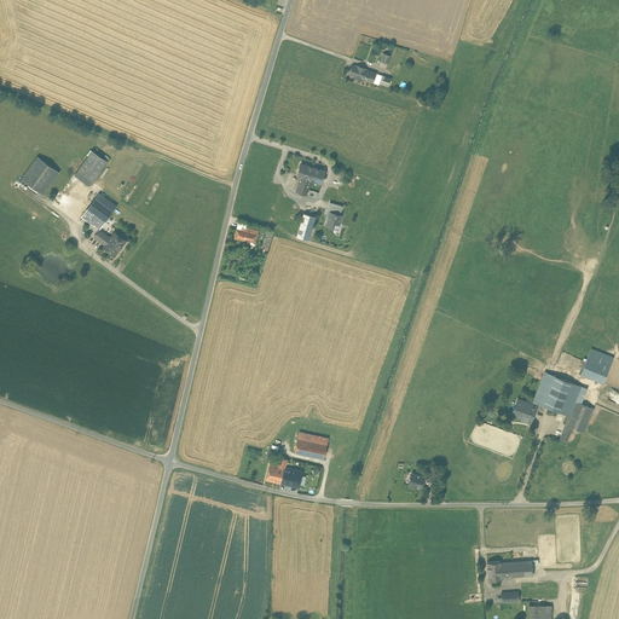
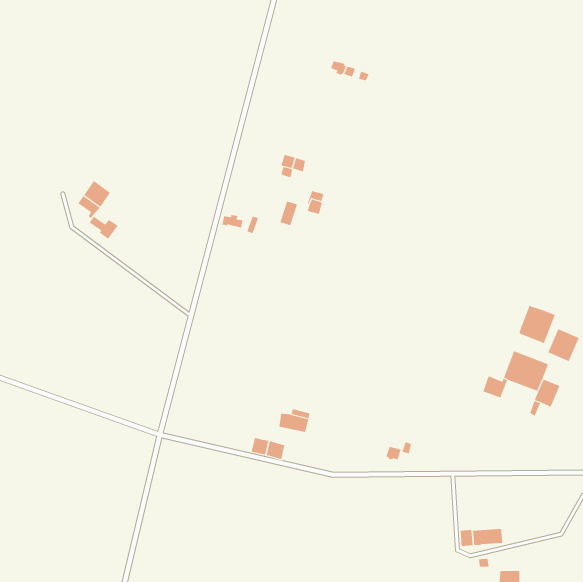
building: [75,150,108,185] -> none
building: [22,157,59,193] -> none
building: none -> [519,305,555,344]

